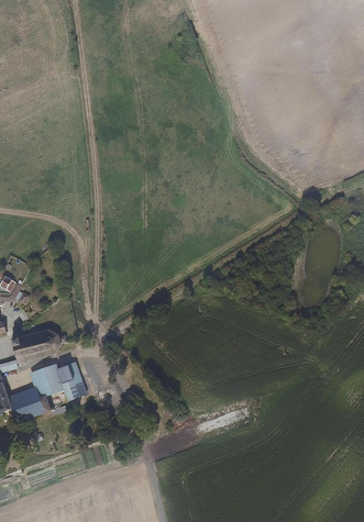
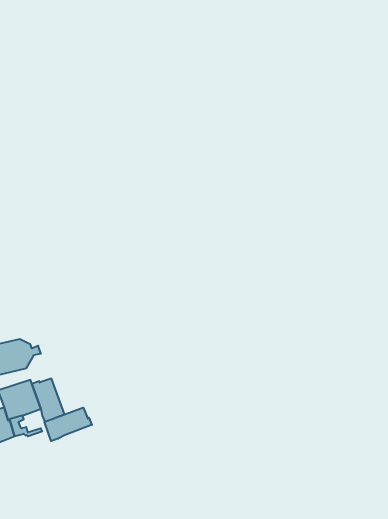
building: none -> [45,408,92,441]

